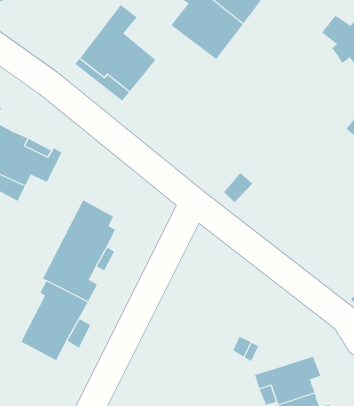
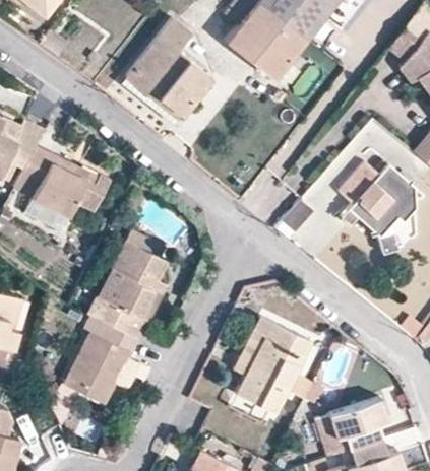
building: none -> [341,163,417,254]
building: none -> [235,317,311,412]

